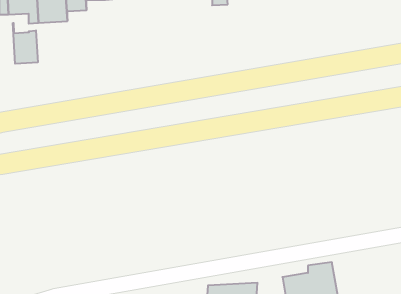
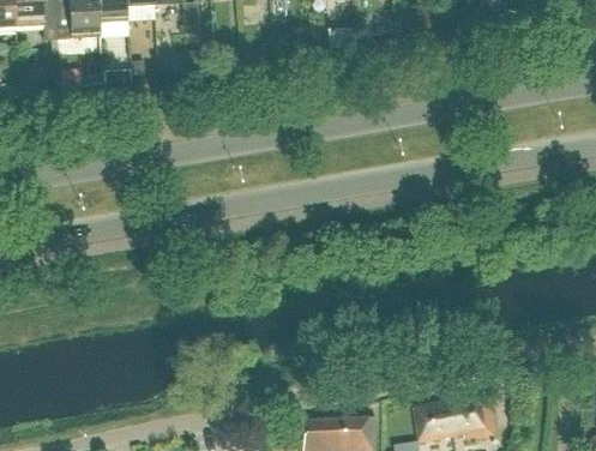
building: [13,23,38,64] -> none

